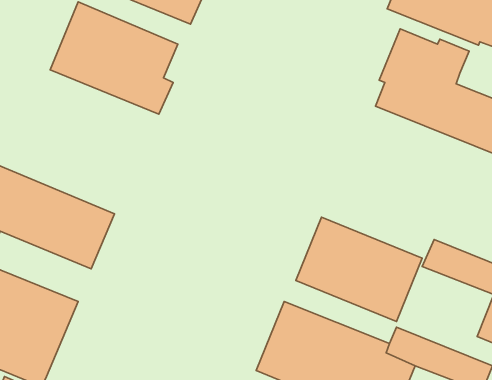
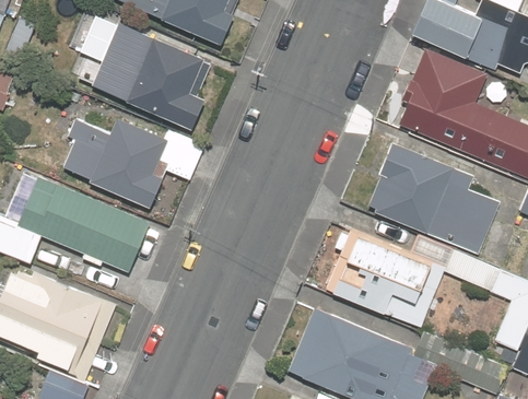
building: none -> [67,120,173,211]
building: none -> [366,140,501,254]

